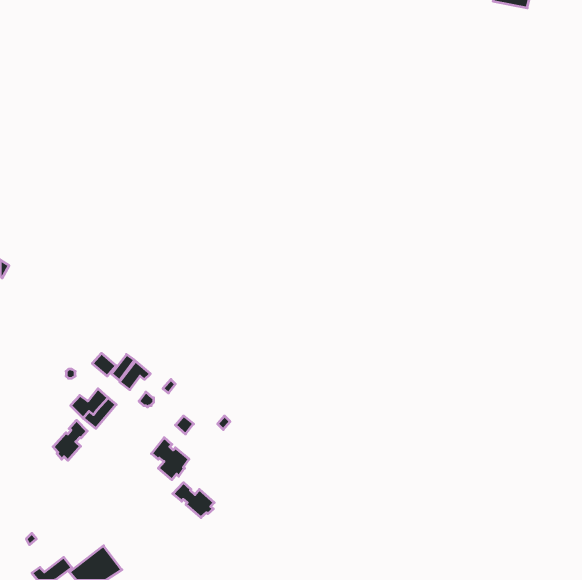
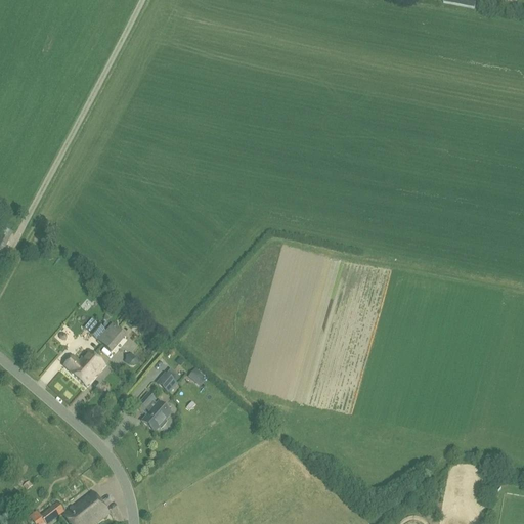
building: [53,420,87,460] -> none
building: [173,483,214,518] -> none

